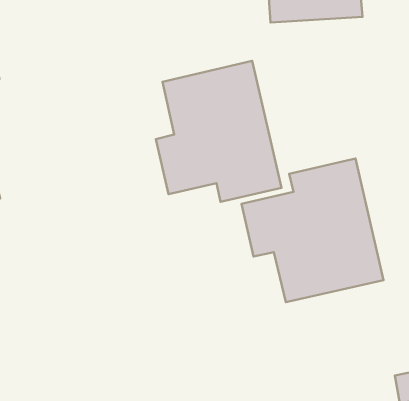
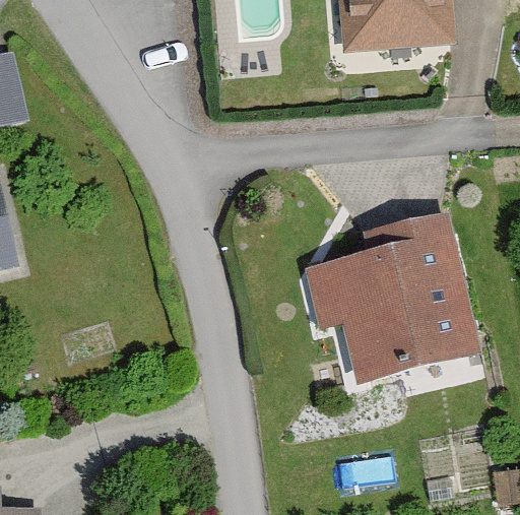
building: [156,61,282,202] -> none

